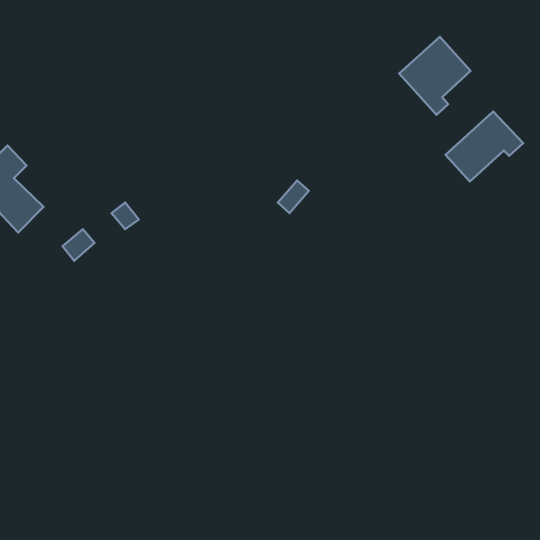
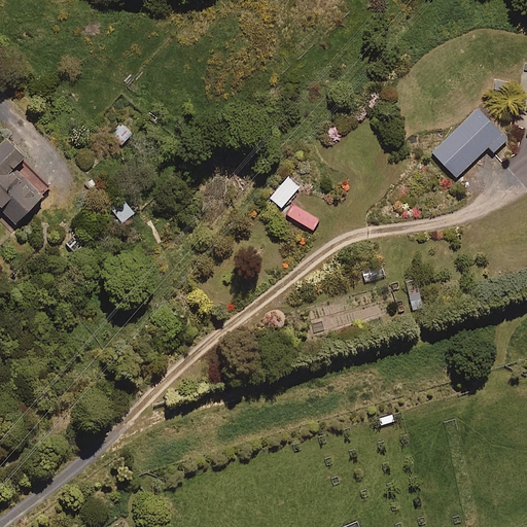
building: [399,37,471,115] -> none

